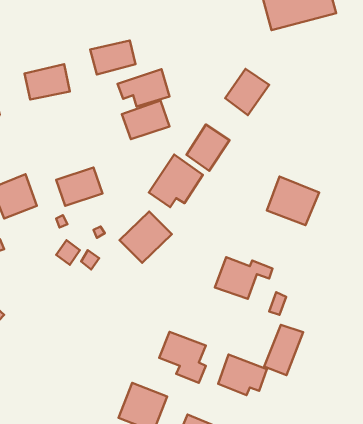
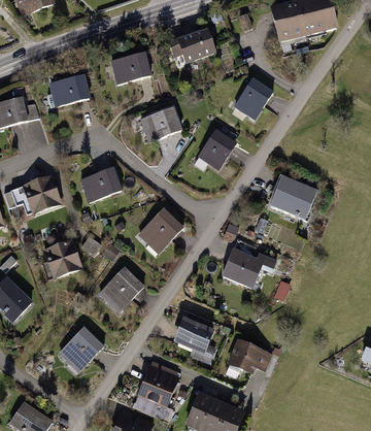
building: [117,69,170,107] -> [168,28,215,62]
building: [149,155,203,207] -> none
building: none -> [43,239,82,279]
building: none -> [98,266,145,312]
building: [264,325,303,375] -> none
building: none -> [58,325,105,372]

